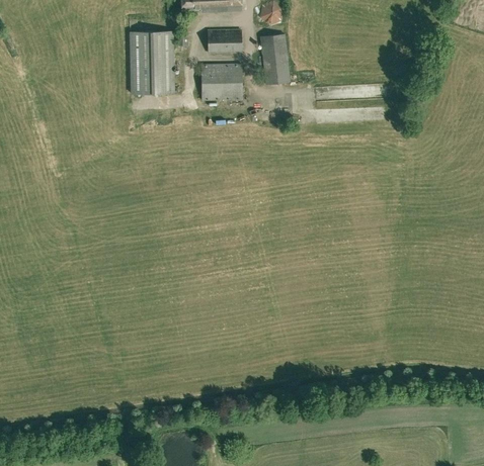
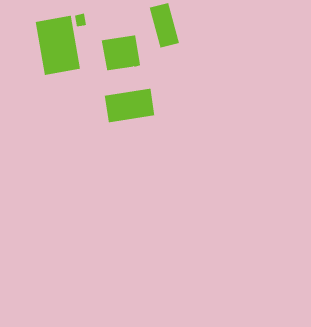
building: [207,29,241,54] -> none
building: none -> [104,88,155,123]

